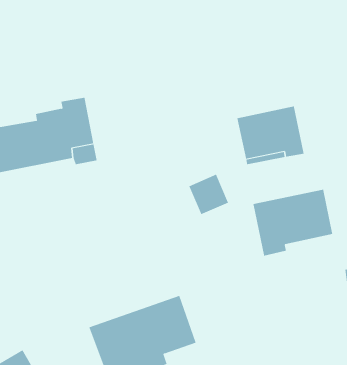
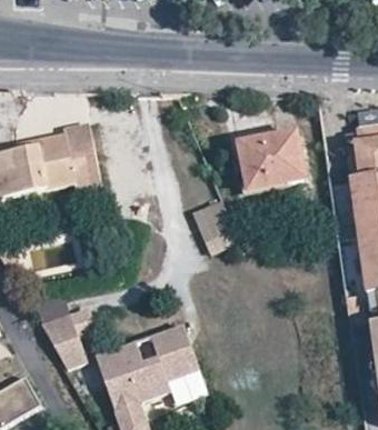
building: [253,189,333,257] -> none
building: none -> [34,310,81,364]

